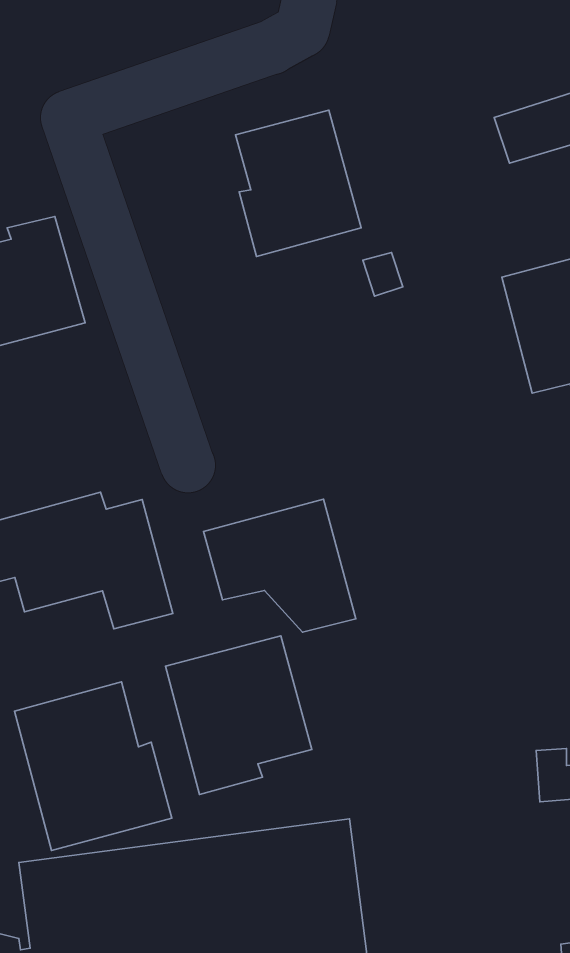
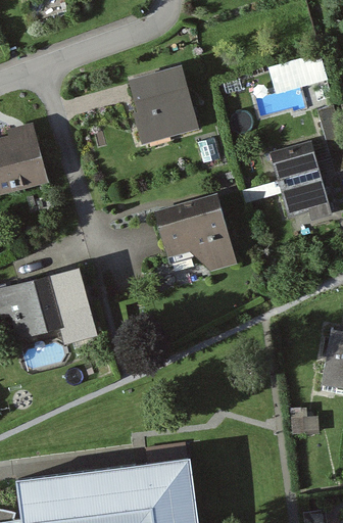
building: [204,499,356,632] -> [157,201,239,273]
building: [165,636,312,795] -> none
building: [14,682,172,850] -> none

